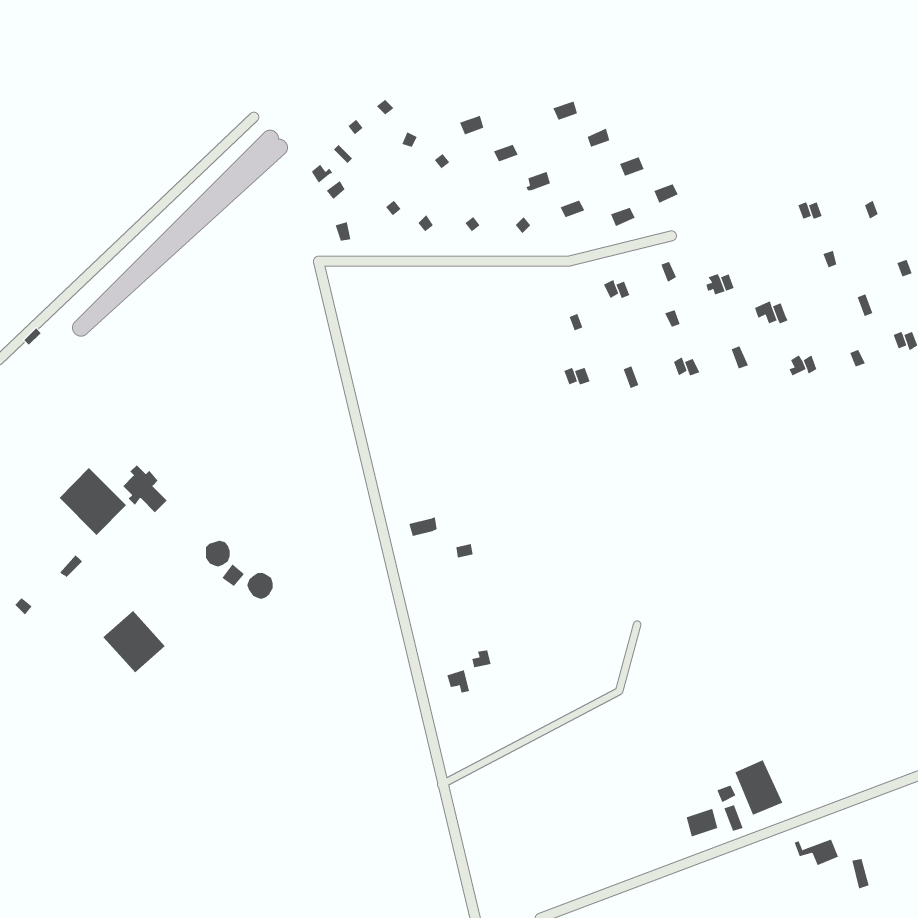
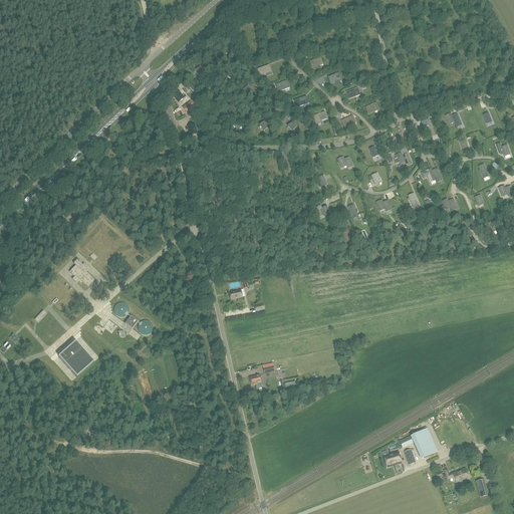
building: [59,467,127,536] -> none

